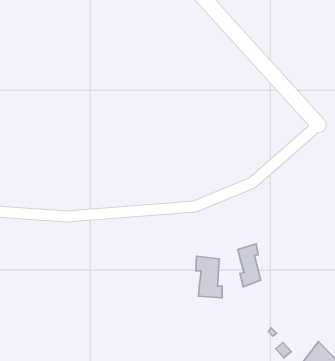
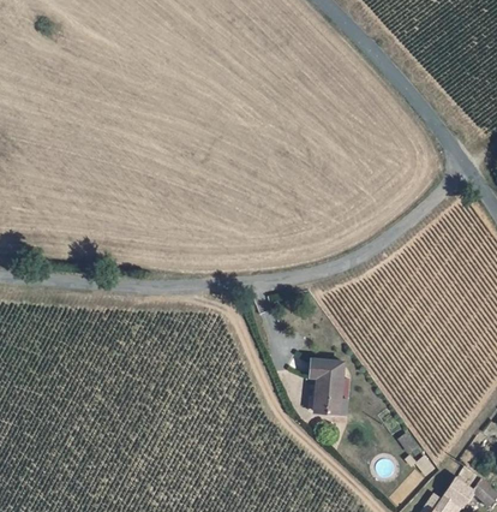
building: [238,244,261,287] -> none

